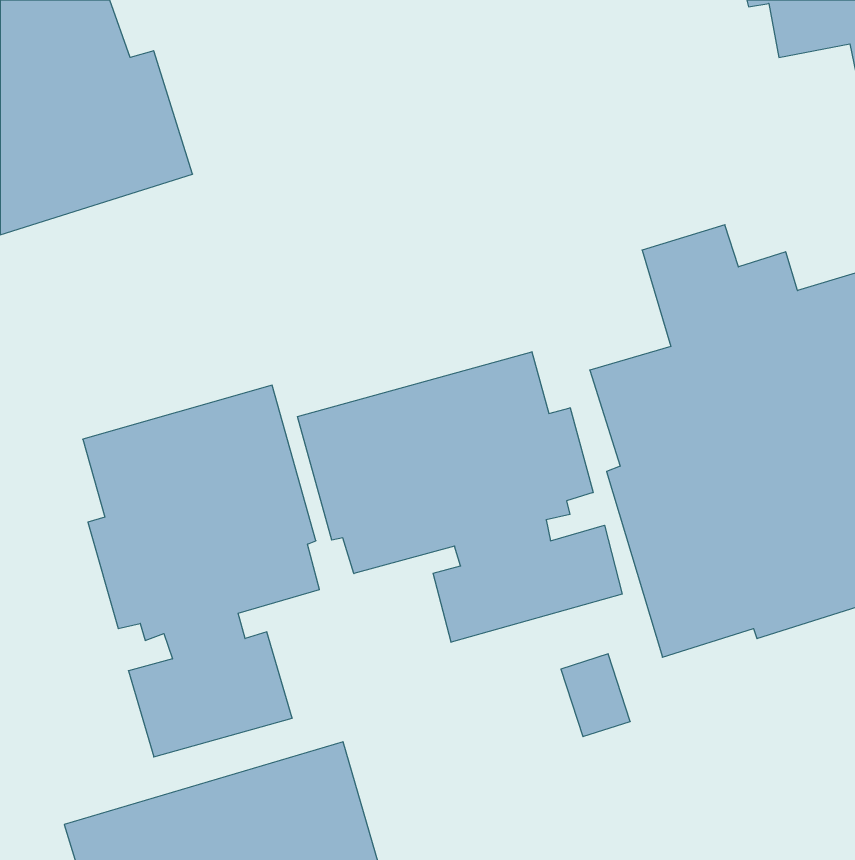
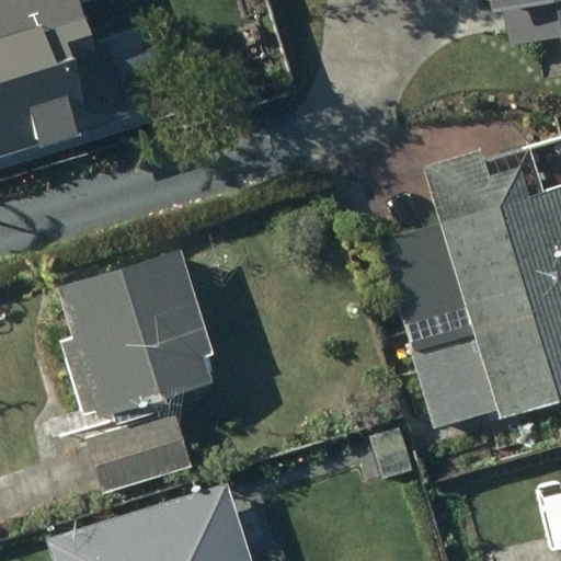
building: [297,352,622,642] -> none

